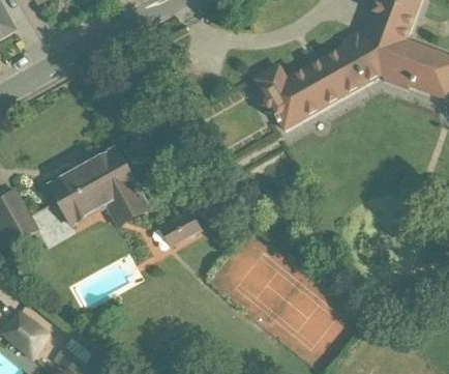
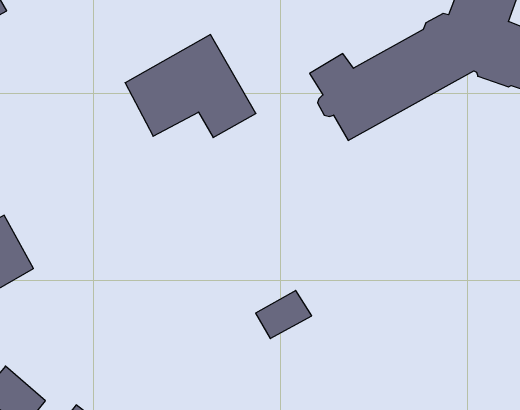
building: [50,147,151,227] -> [125,35,256,138]
building: [158,208,202,246] -> [256,290,312,339]

